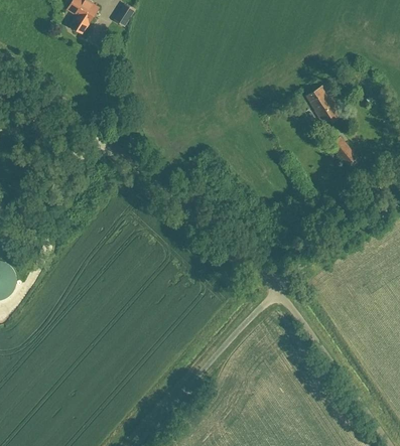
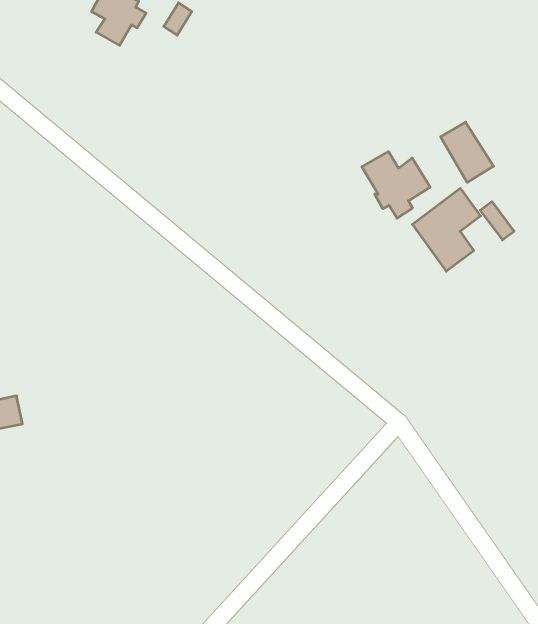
building: none -> [362,152,430,218]
building: none -> [412,188,481,271]

